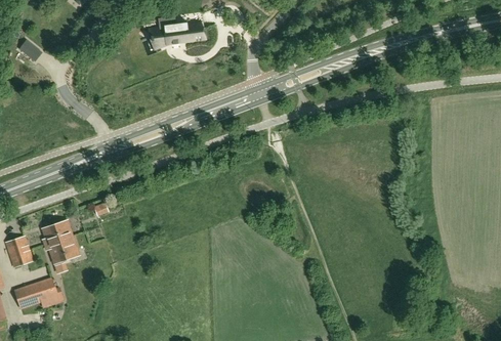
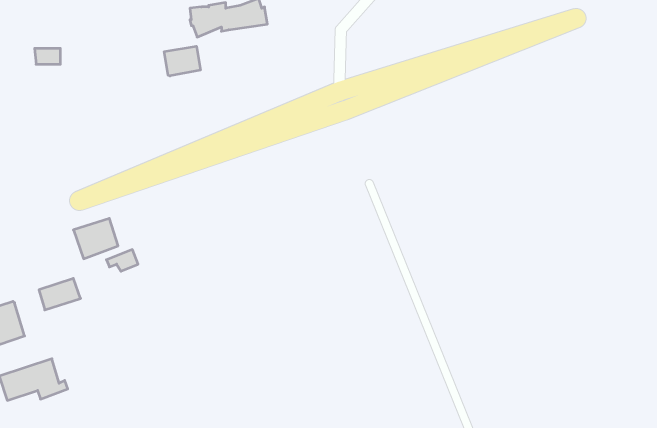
building: none -> [164,46,200,76]
building: [46,235,78,263] -> [73,218,118,259]

